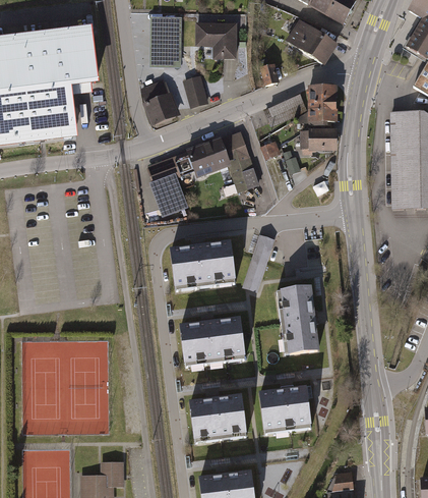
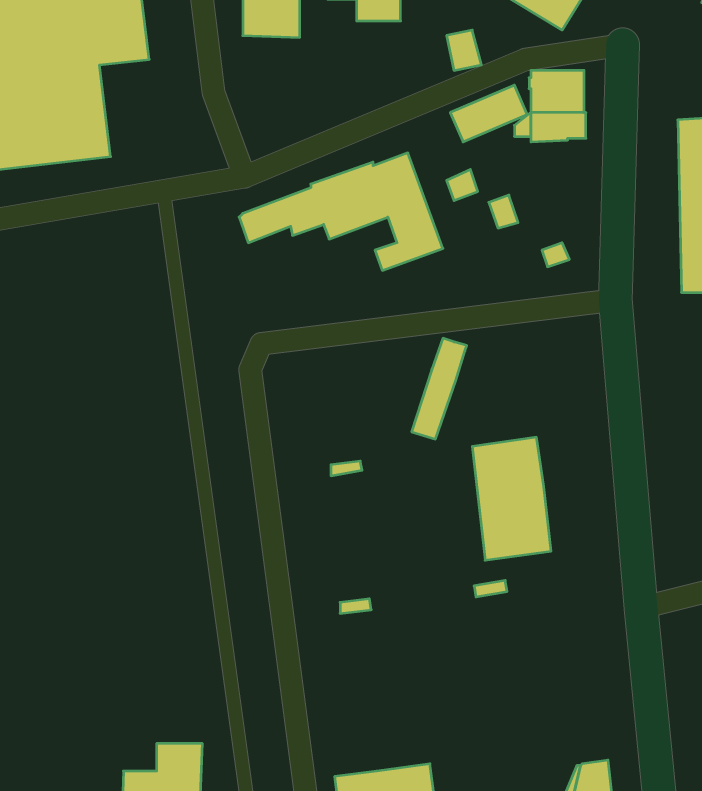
building: [182,75,207,108] -> none
building: [139,78,180,123] -> none
building: [300,128,337,151] -> none
building: [149,172,187,216] -> none
building: [170,240,237,288] -> none
building: [180,319,245,368] -> none
building: [259,387,312,432] -> none
building: [189,395,247,441] -> none

